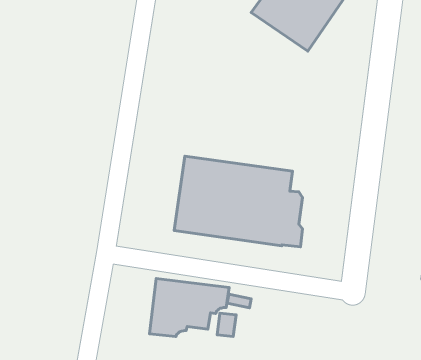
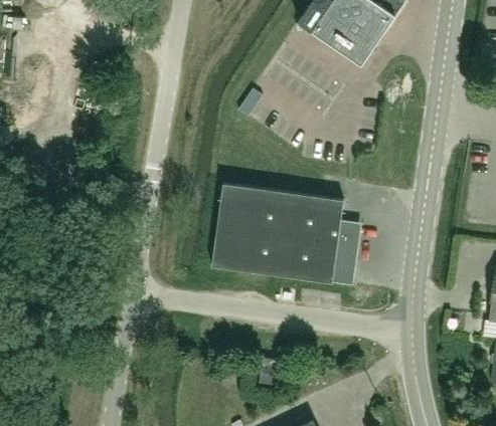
building: [149,278,229,337] -> none

